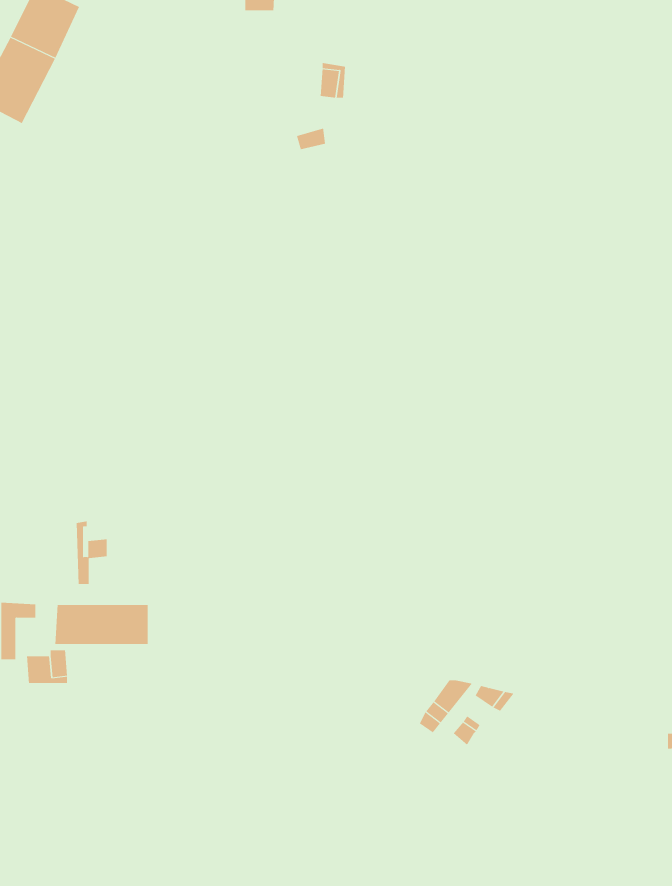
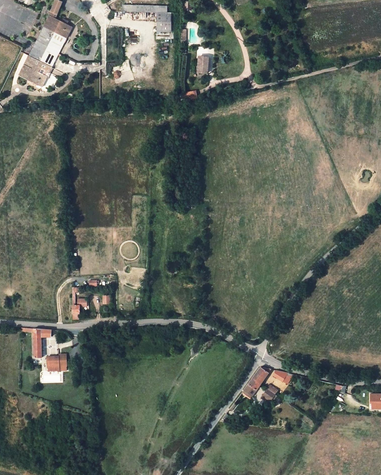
building: [55,604,148,645] -> none

